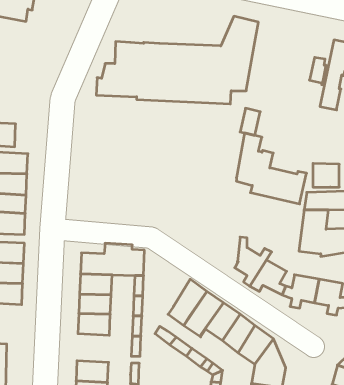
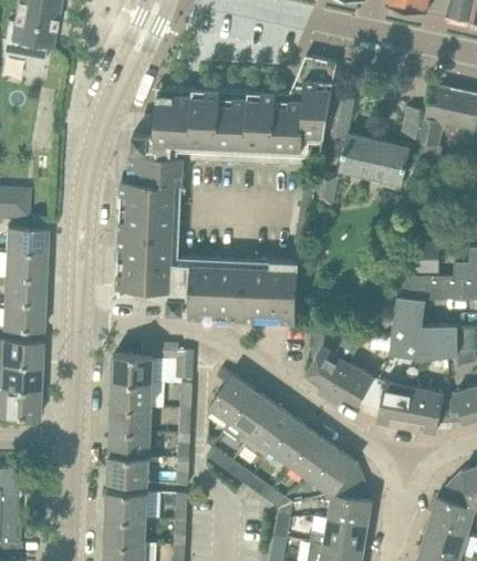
building: none -> [117,154,299,322]
building: [236,133,307,204] -> [322,93,411,183]
building: none -> [209,367,251,422]
building: none -> [108,456,149,484]

